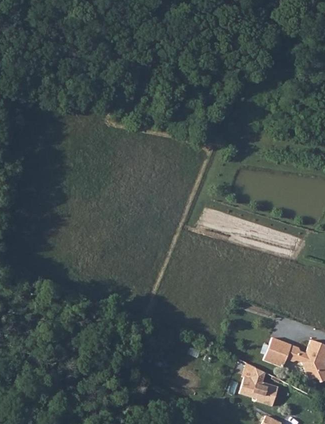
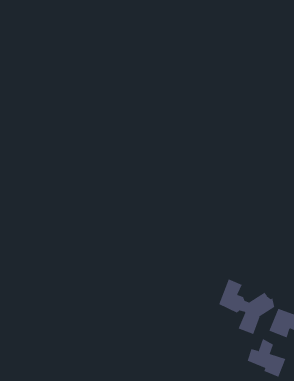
building: none -> [218,279,275,335]

